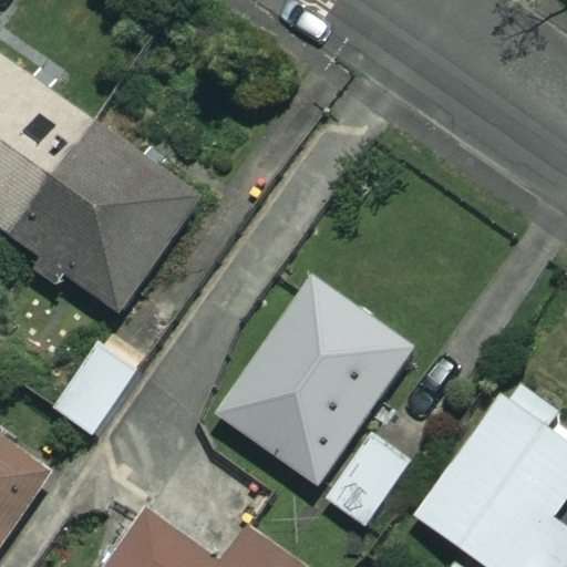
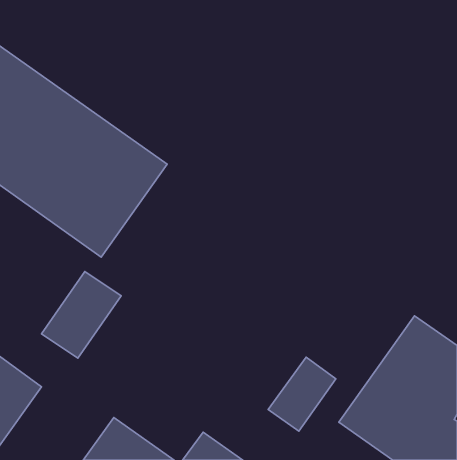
building: [210,271,417,487] -> none

